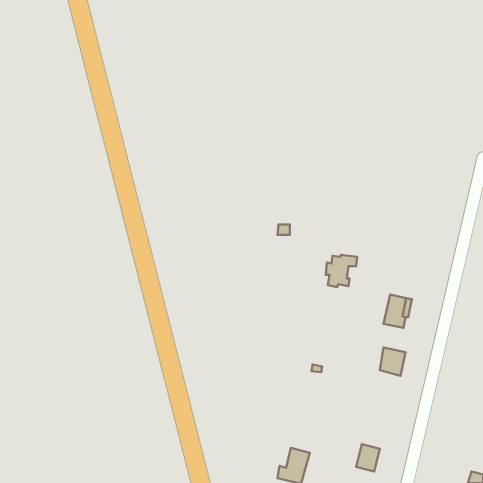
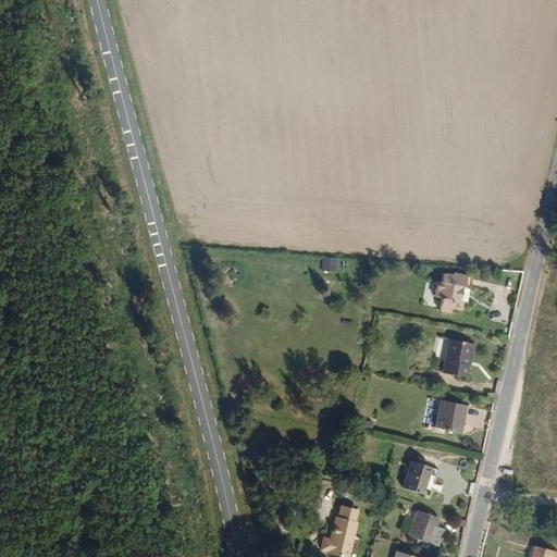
building: [326,255,357,287] -> [435,273,471,310]
building: none -> [403,457,438,491]

